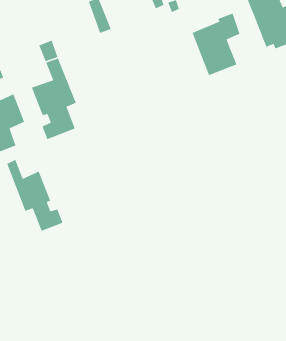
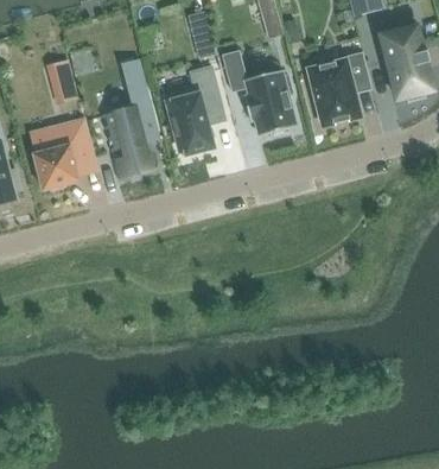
building: none -> [222,50,295,134]
building: none -> [165,65,223,152]
building: [6,159,63,232] -> none

